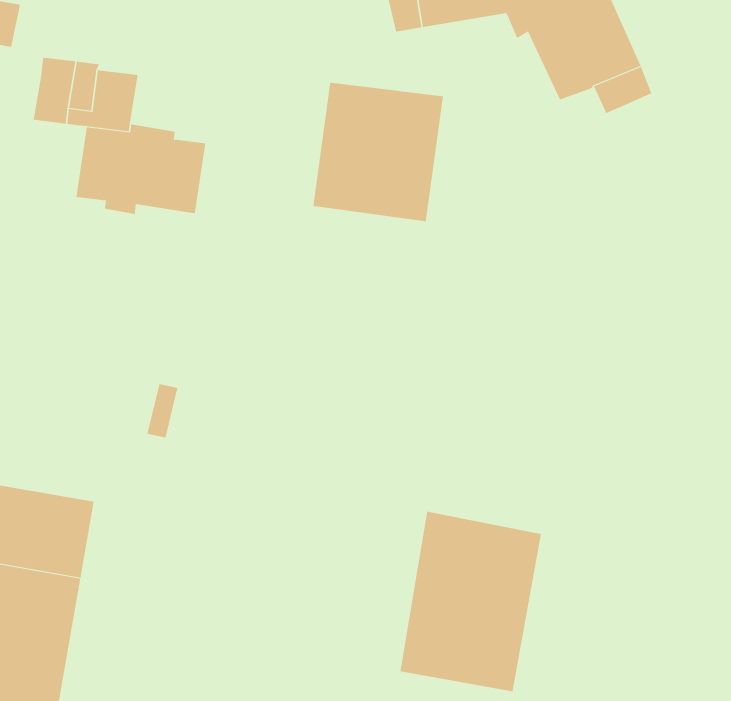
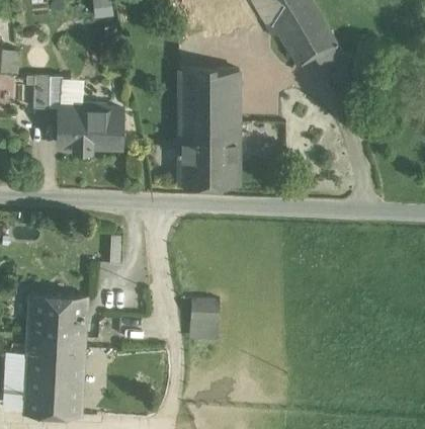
building: none -> [177,136,238,186]
building: [400,511,541,692] -> none
building: none -> [189,301,220,338]

